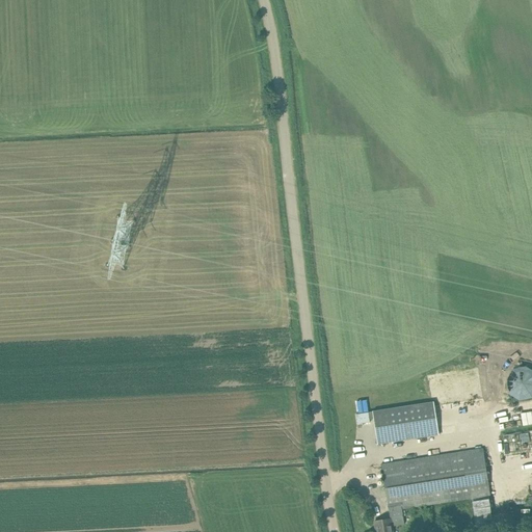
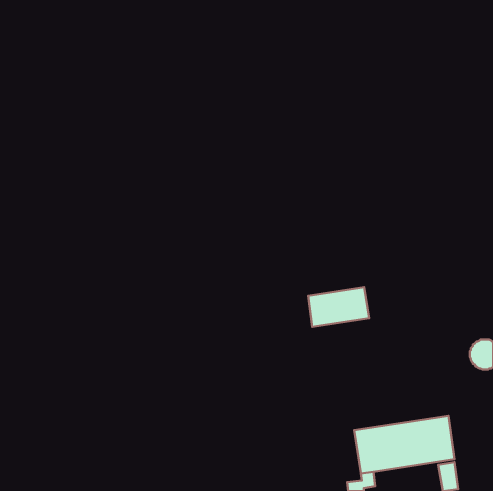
building: [373,400,438,443] -> [308,287,369,327]

